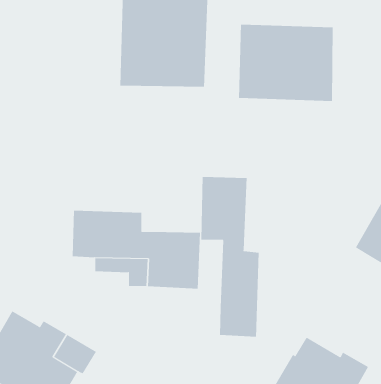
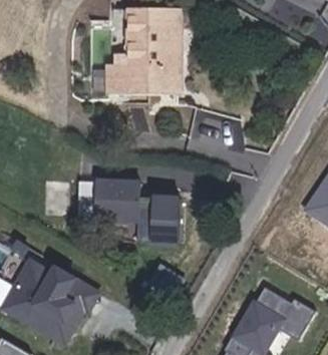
building: [238,24,333,102] -> none
building: [201,176,259,338] -> none

